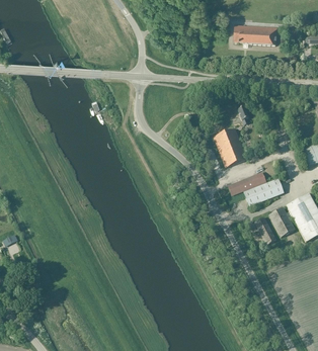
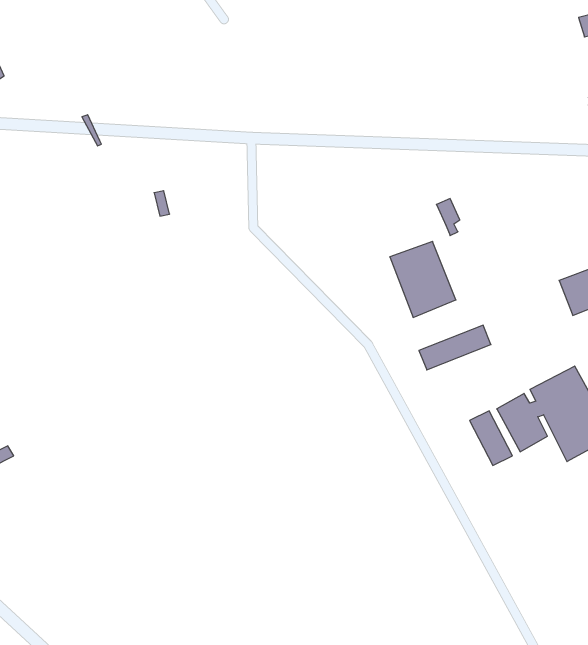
building: [233,24,276,45] -> none
building: [243,177,284,205] -> none

